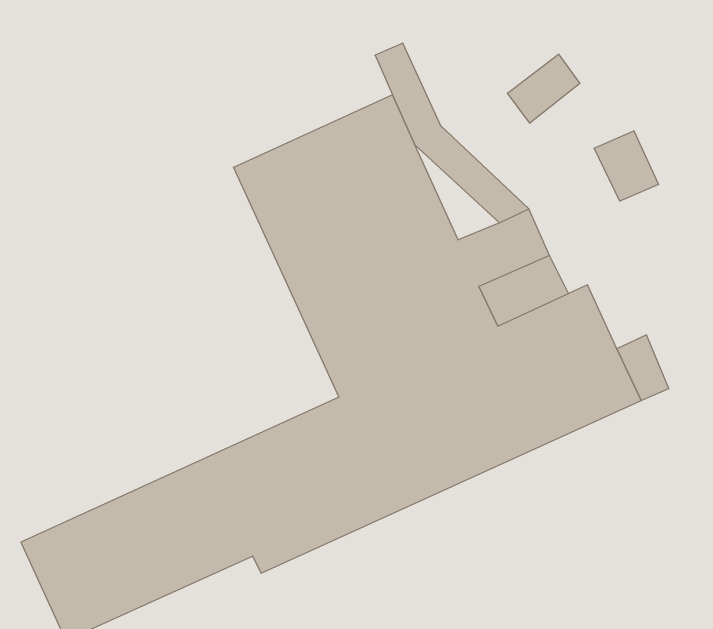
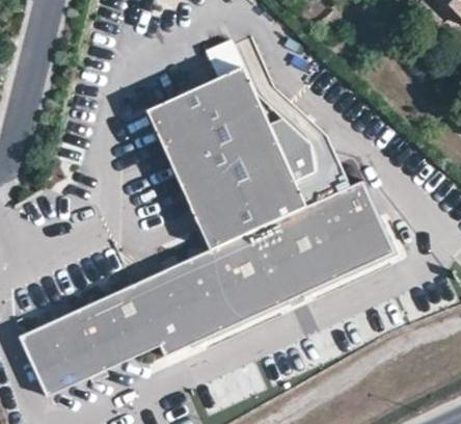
building: [507,54,580,123] -> none
building: [594,131,658,201] -> none

